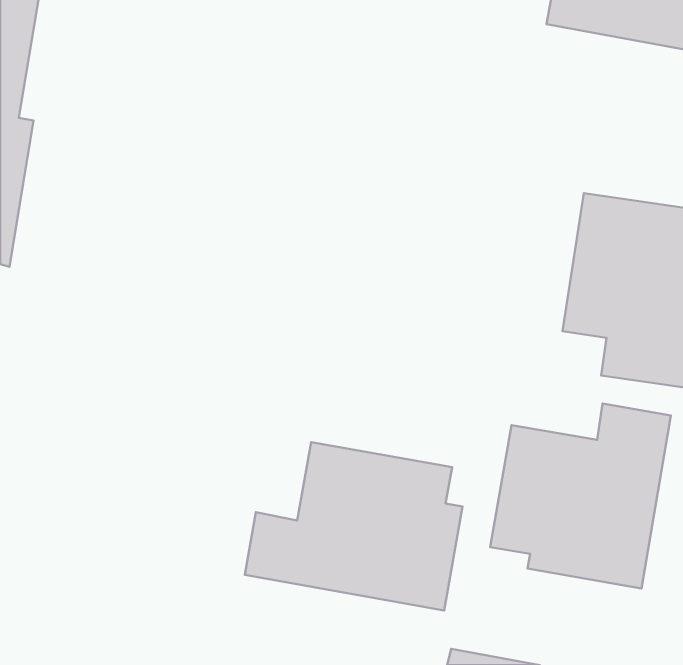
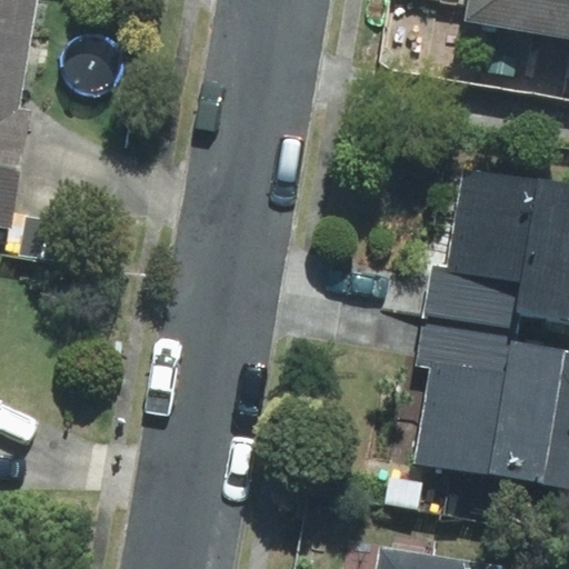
building: [245,442,462,611] -> none

